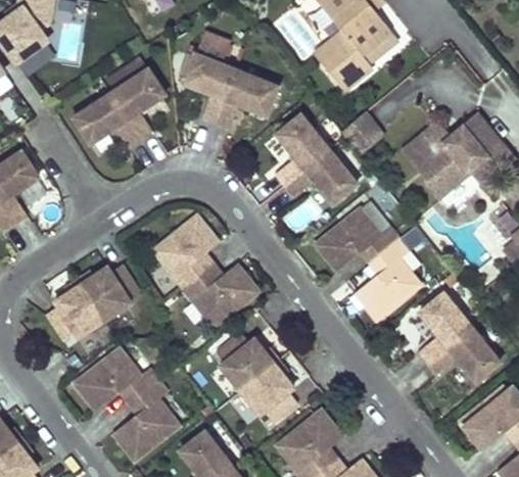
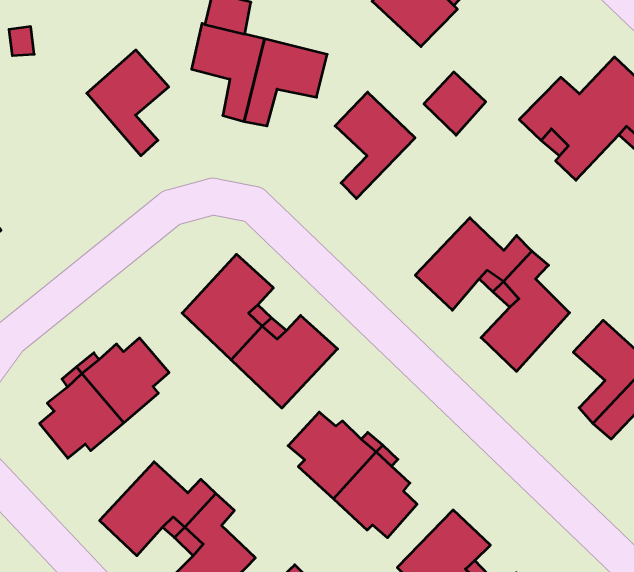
building: [69,89,139,144] -> none
building: [284,149,359,205] -> none

